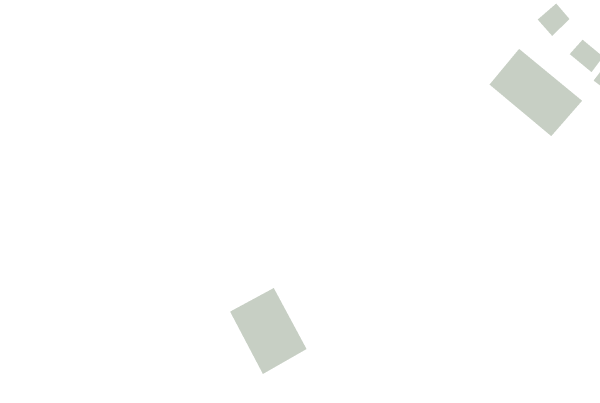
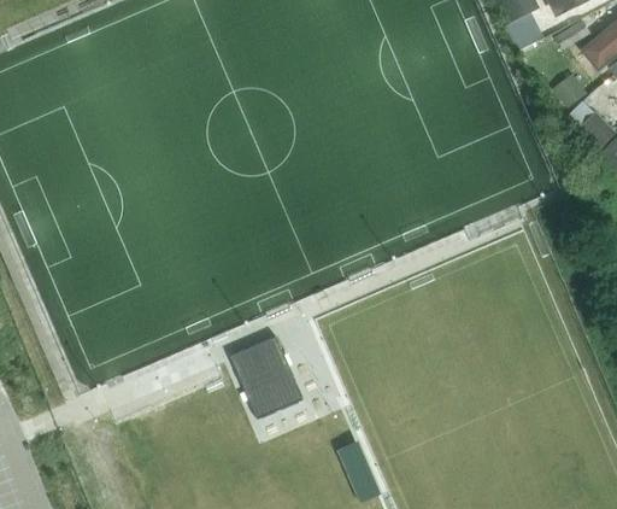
building: [488,48,583,137] -> none

